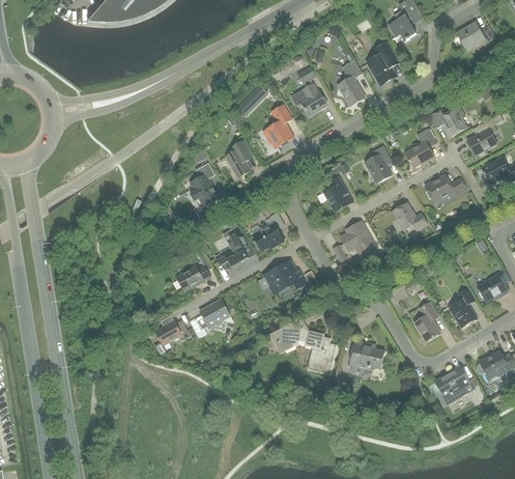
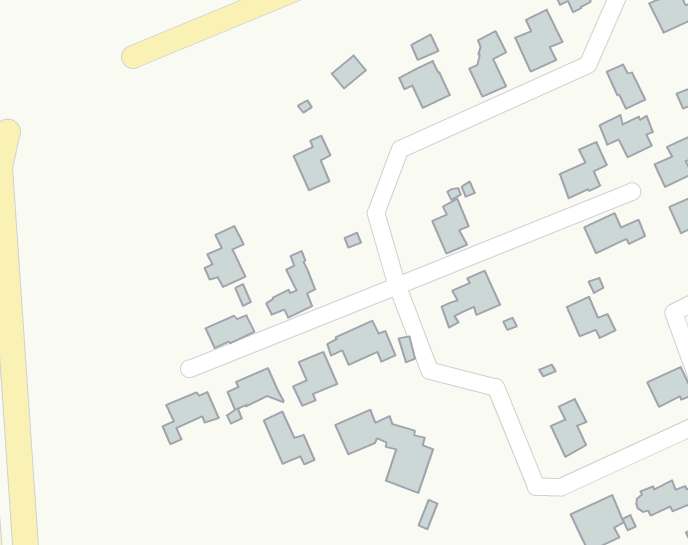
building: none -> [607,64,645,109]
building: [262,105,293,147] -> none
building: [366,144,391,181] -> none
building: [190,163,218,204] -> [205,226,245,287]
building: [393,202,427,229] -> [567,297,616,338]
building: [253,212,284,250] -> none
building: none -> [293,352,337,406]
building: [450,287,476,327] -> none
building: none -> [264,411,314,464]
building: [349,340,383,367] -> none

